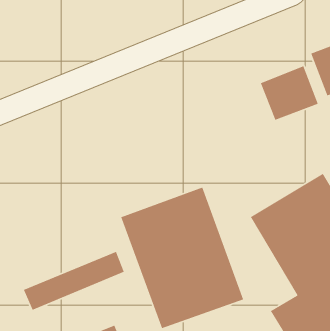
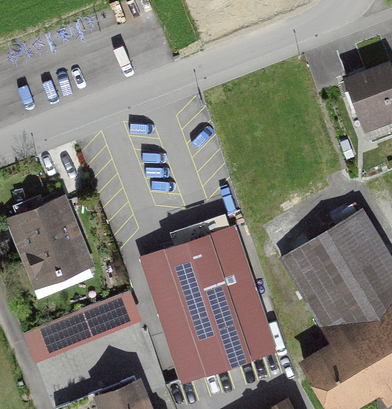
building: [260,65,319,121] -> none
building: none -> [14,203,86,281]

